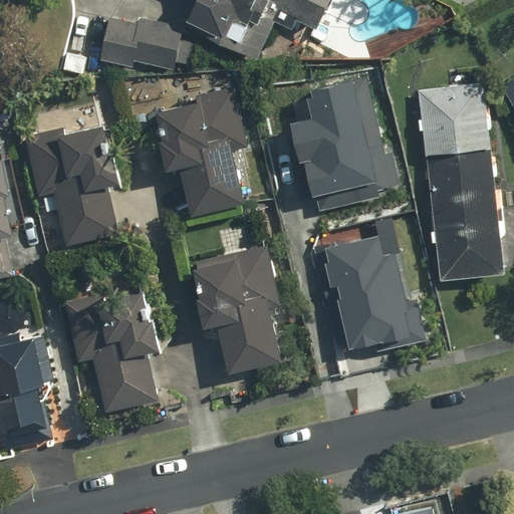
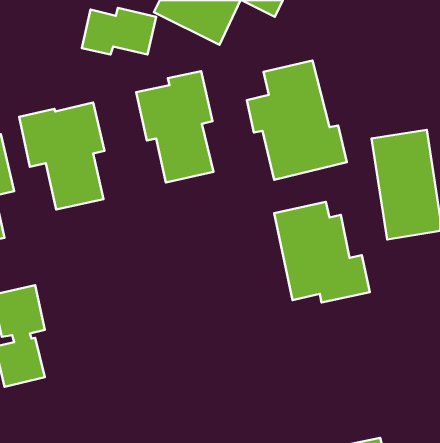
building: [417,83,488,156] -> none
building: [194,247,281,370] -> none
building: [62,283,163,411] -> none

